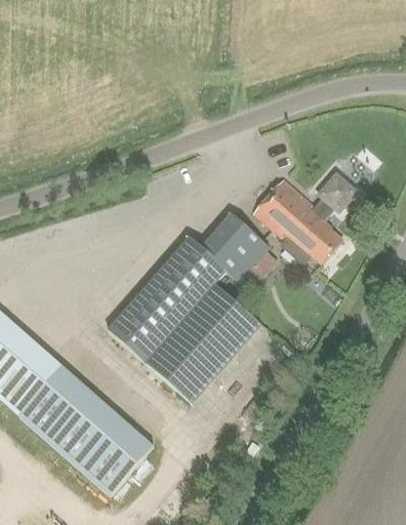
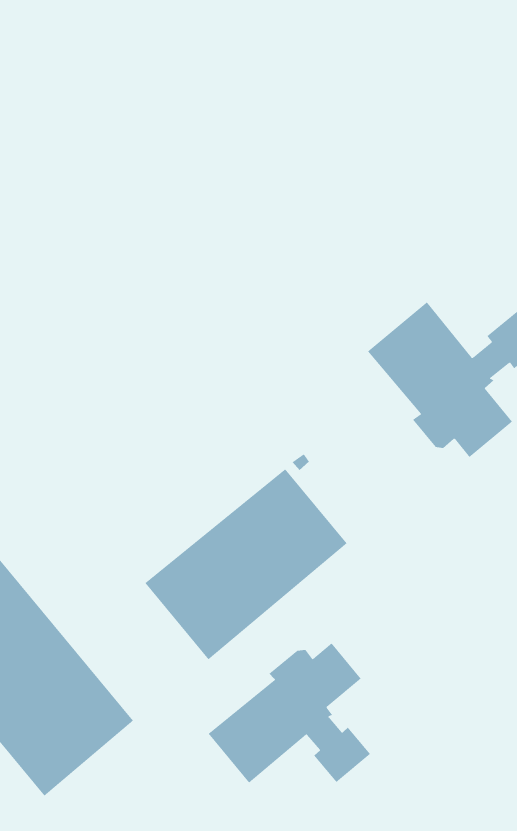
building: [107,212,272,365] -> none
building: none -> [208,642,371,783]

